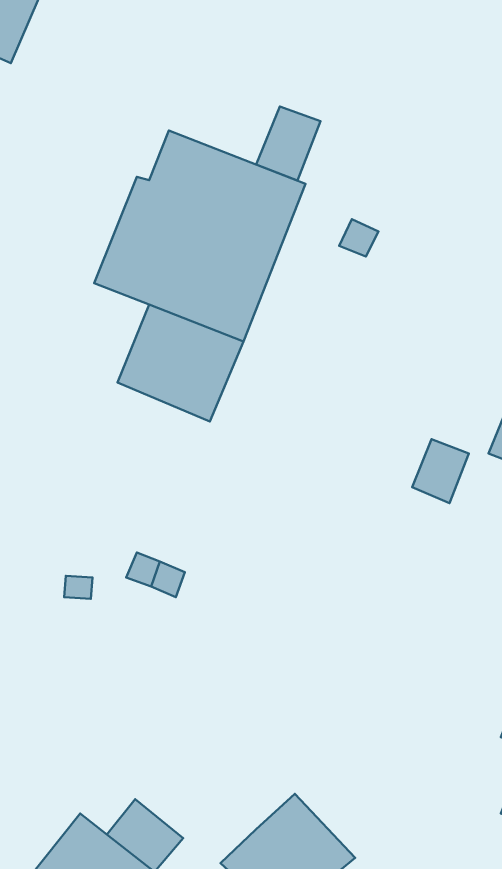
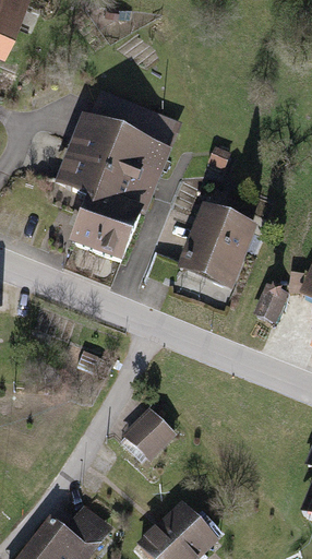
building: [256,106,320,181] -> none
building: none -> [181,209,260,292]
building: none -> [123,406,178,461]

